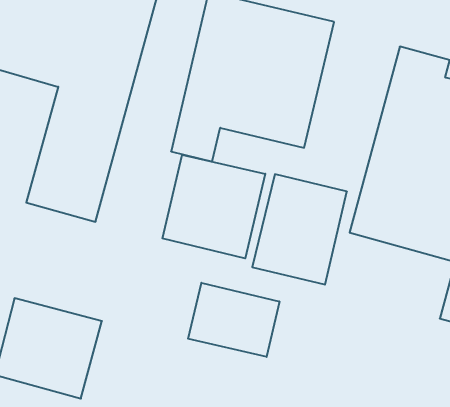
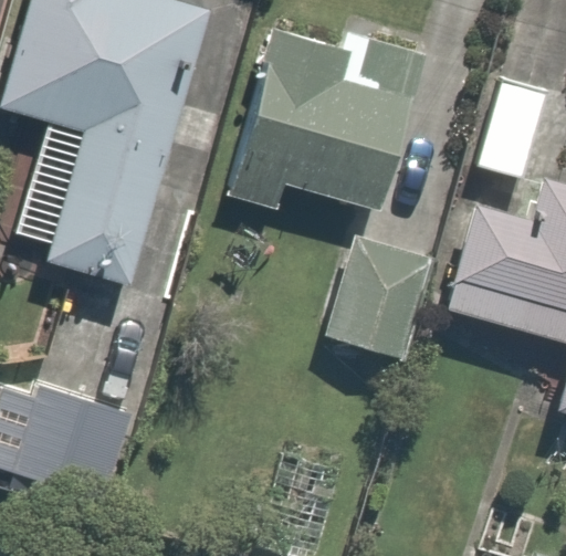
building: [162,155,265,258] -> none
building: [188,283,279,357] -> none

